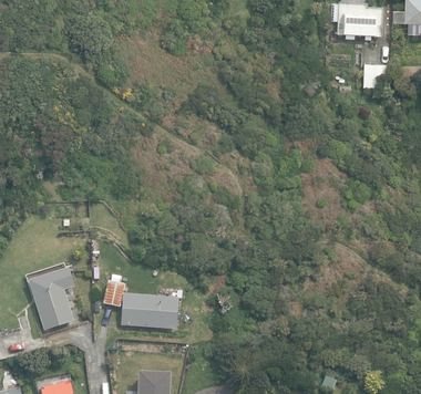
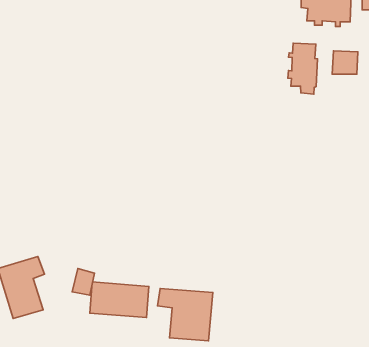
building: none -> [288,43,317,94]
building: none -> [157,288,213,341]

